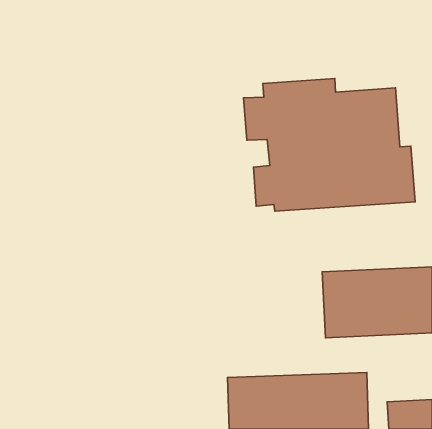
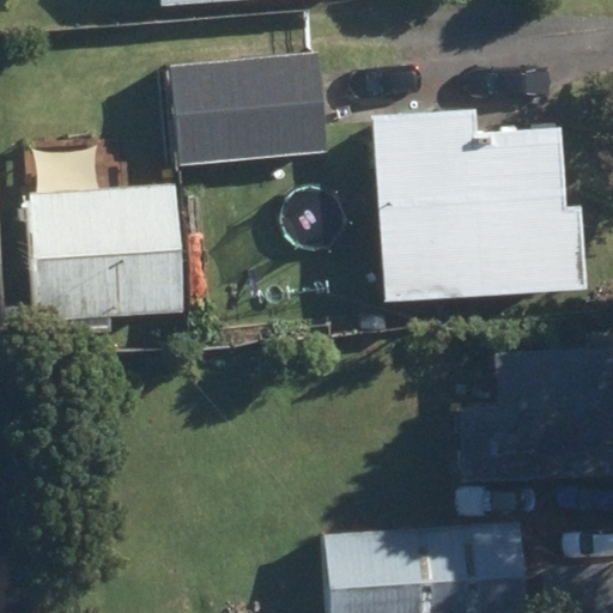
building: none -> [171,53,328,164]
building: none -> [32,188,183,318]

